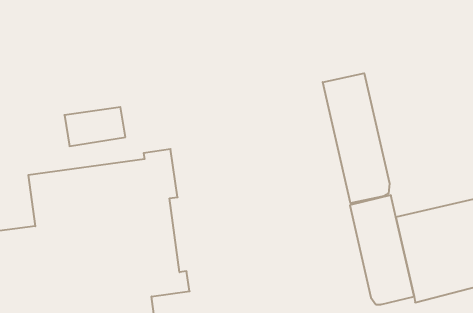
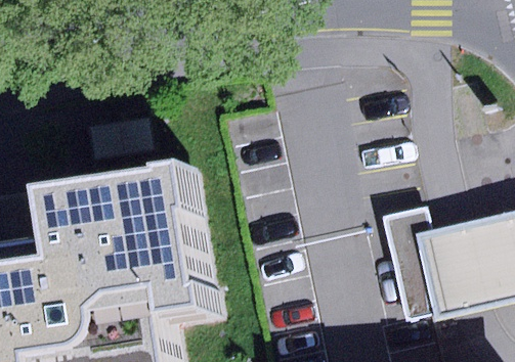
building: [323,73,390,203] -> none

